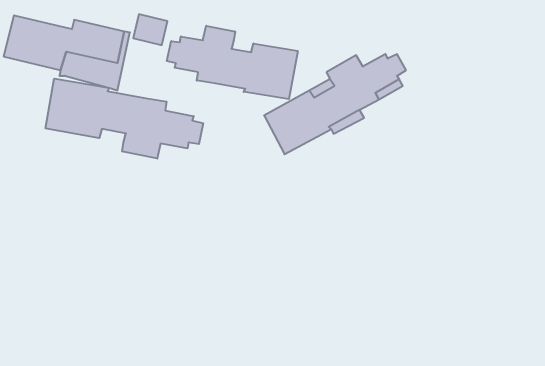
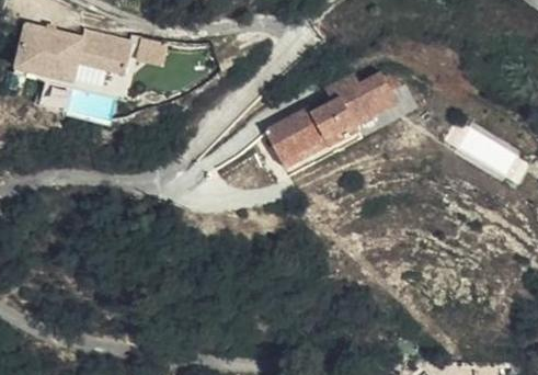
building: [167,26,298,99] -> none
building: [46,79,203,159] -> none

